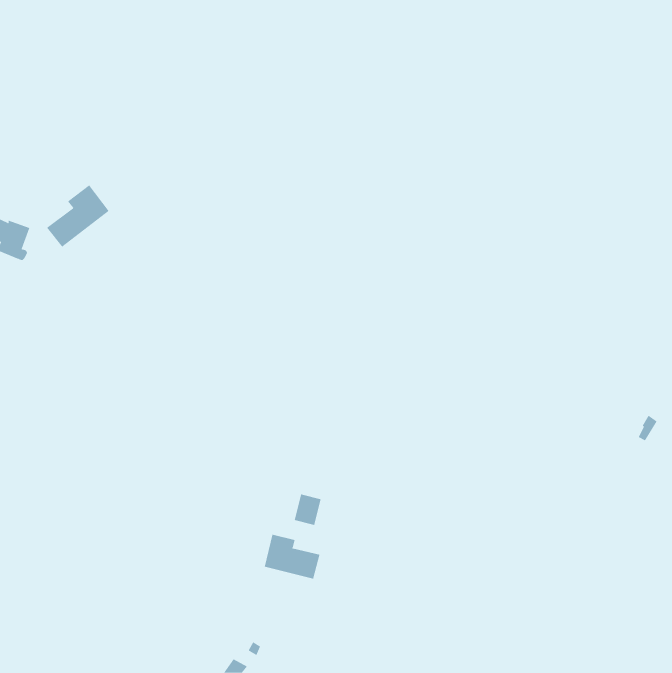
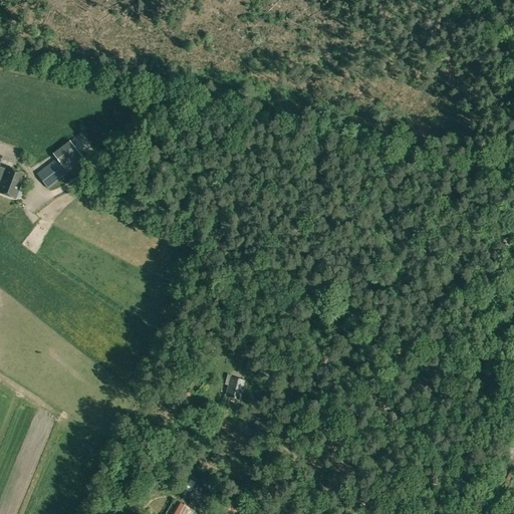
building: [264,534,320,580] -> none

